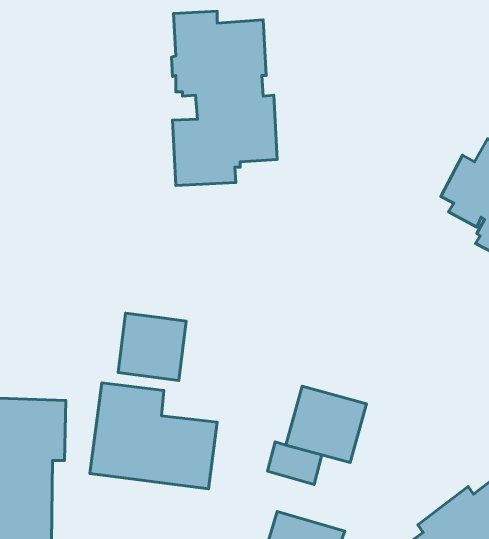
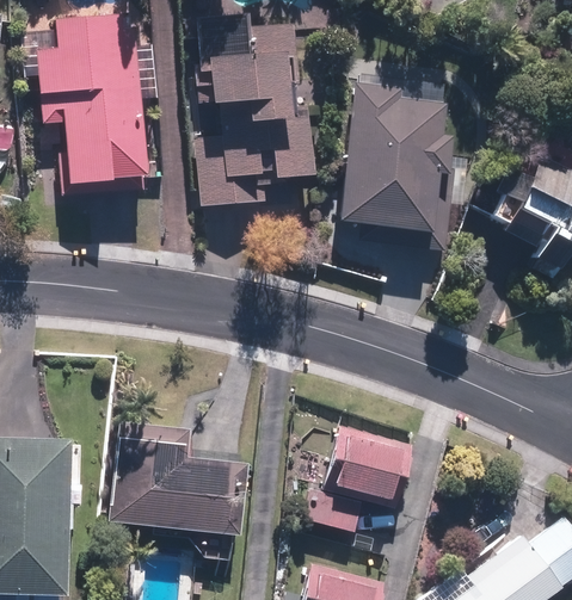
building: none -> [41,16,146,187]
building: none -> [337,82,460,254]
building: [118,313,186,380] -> none

